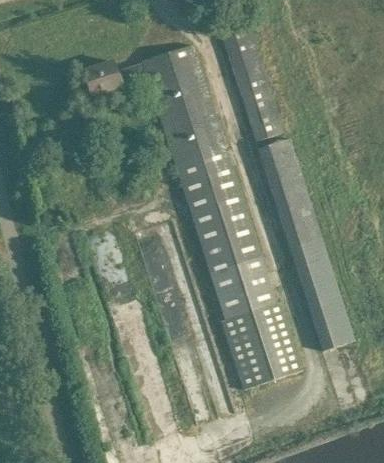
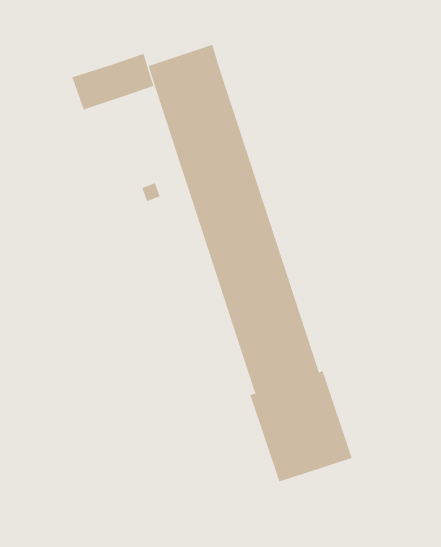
building: [223,28,284,141] -> none
building: [258,139,357,351] -> none

